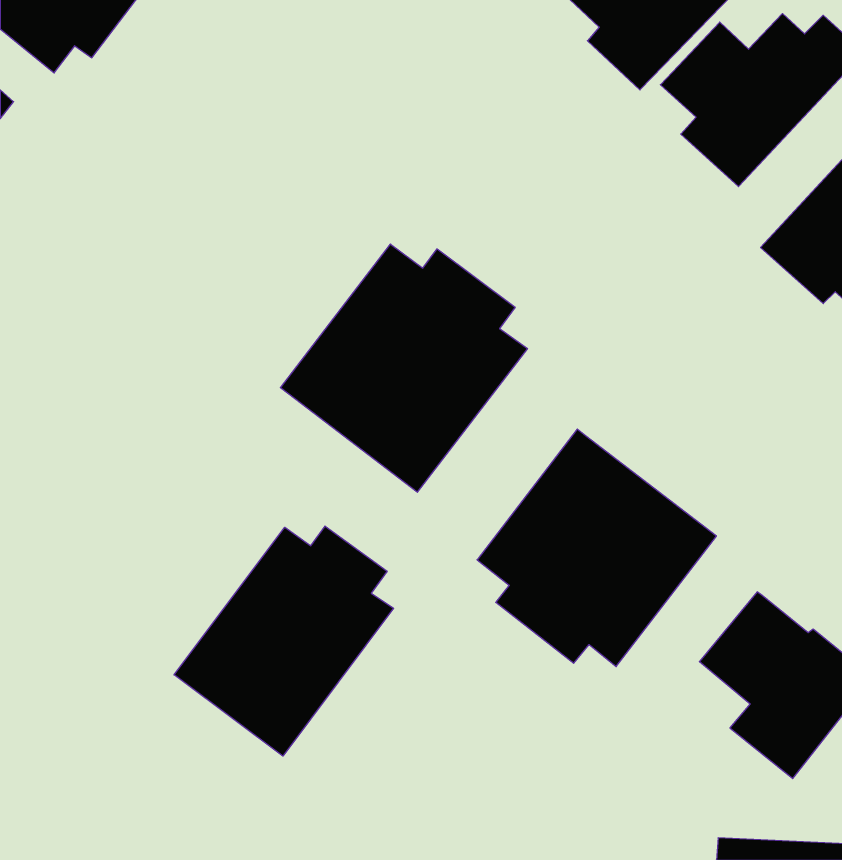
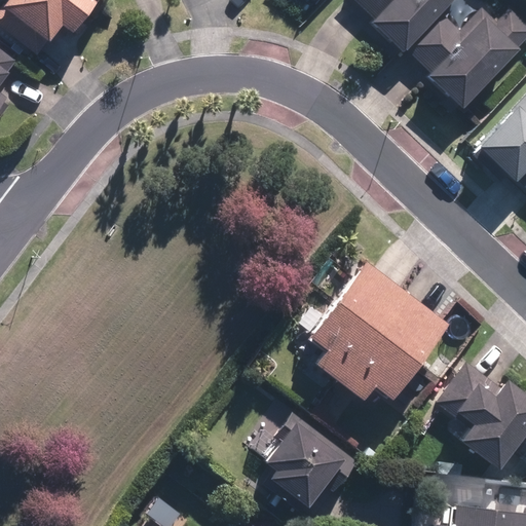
building: [280,244,527,492] -> none
building: [174,526,394,756] -> none
building: none -> [266,409,365,510]

